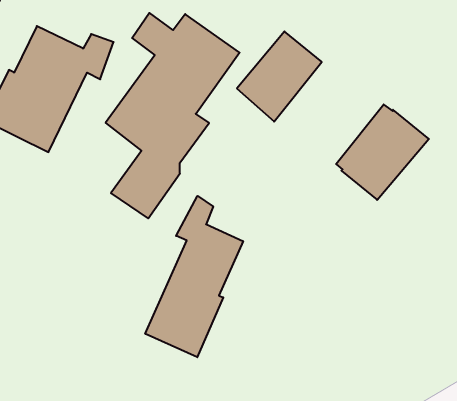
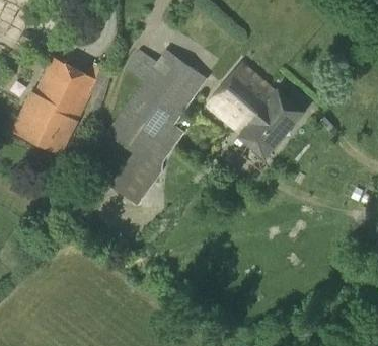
building: [336,104,429,200] -> [233,84,304,157]
building: [145,196,243,357] -> none

